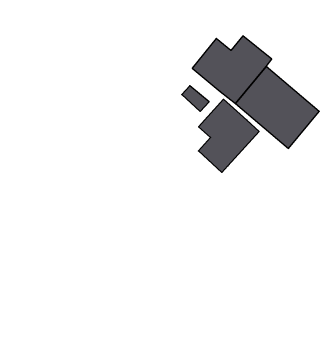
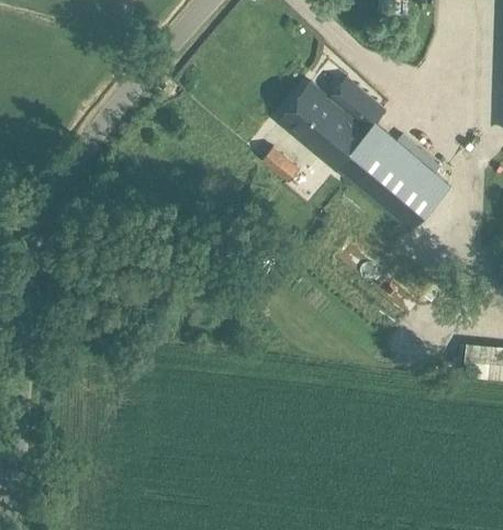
building: [198,99,259,172] -> none

